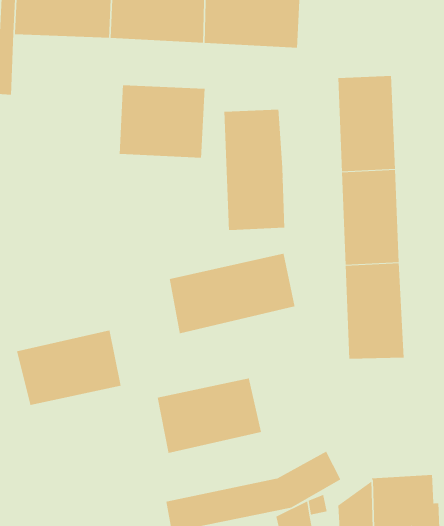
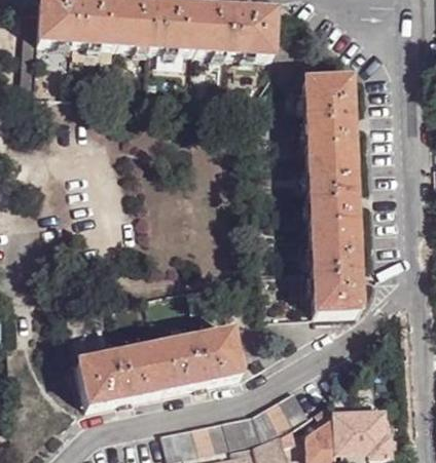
building: [119,84,205,158] -> none
building: [224,109,285,231] -> none
building: [169,253,295,334] -> none
building: [16,330,121,406] -> [77,343,165,406]

